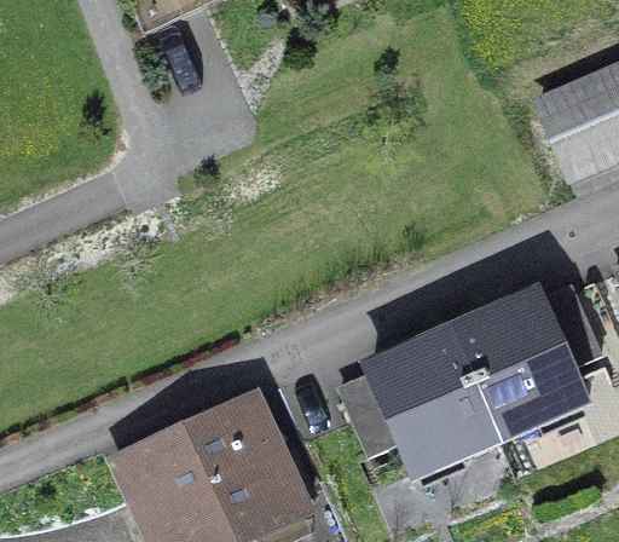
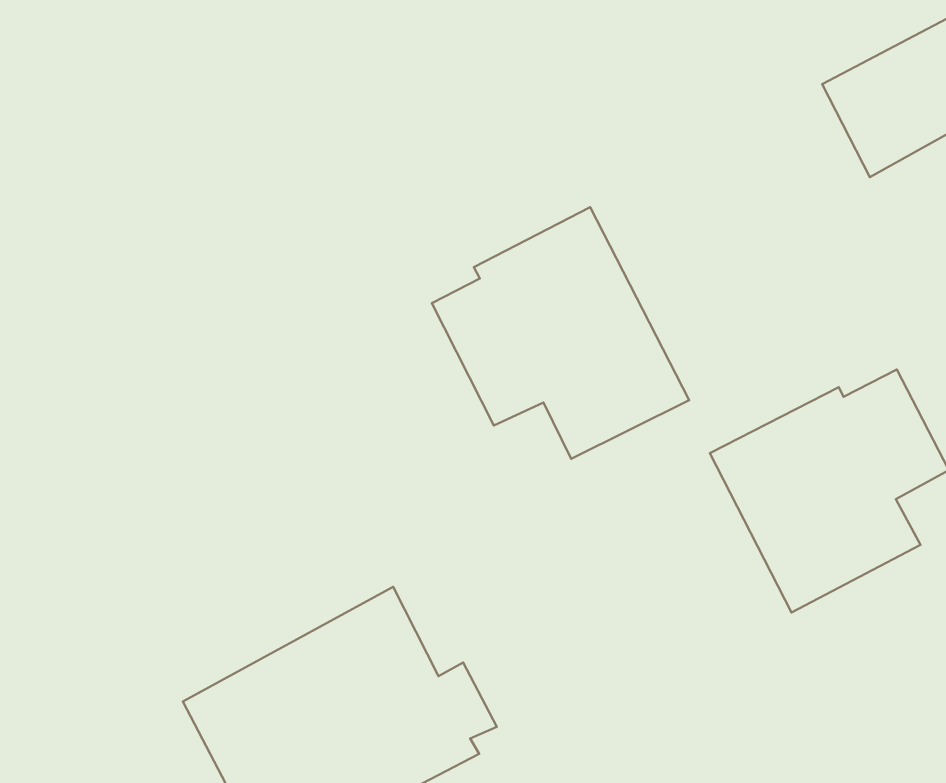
building: none -> [432,207,689,459]
building: [337,325,494,462] -> none

